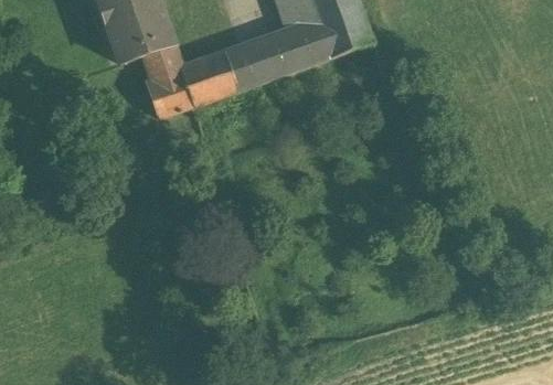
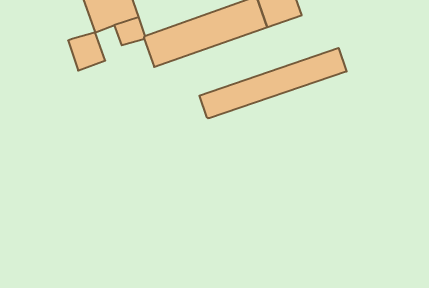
building: [145,72,190,118] -> [68,32,105,71]
building: none -> [199,48,347,118]

